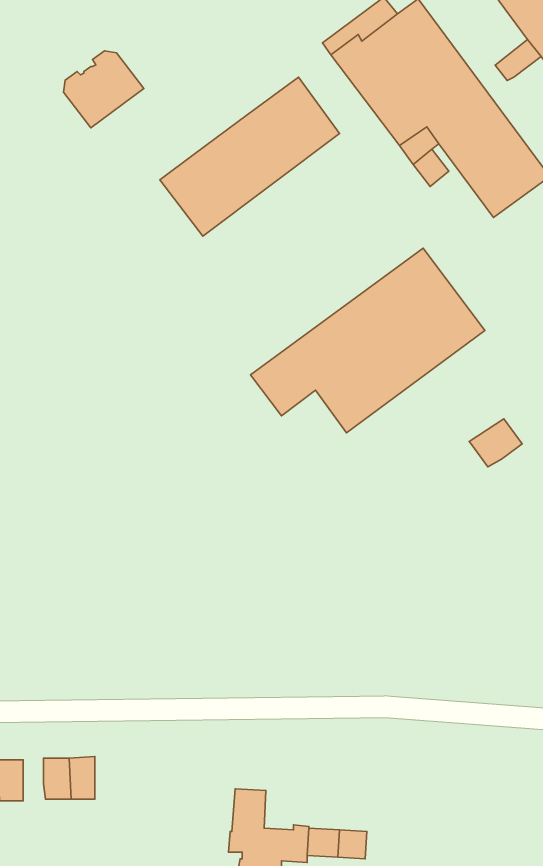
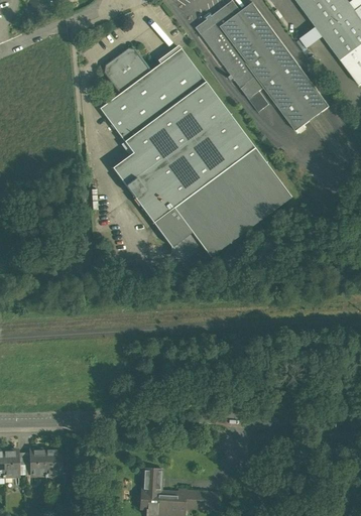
building: [63,51,144,128] -> [103,47,150,93]
building: none -> [112,81,254,223]
building: [469,419,522,467] -> none

